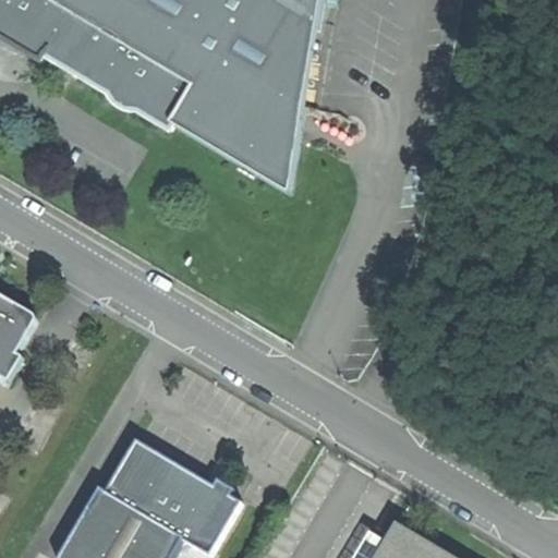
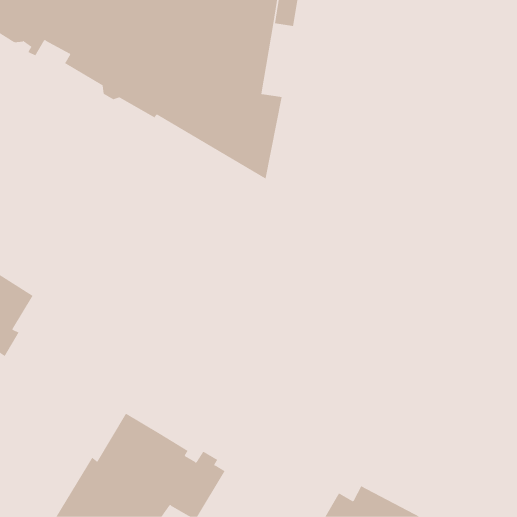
building: [280,25,314,104] -> none

